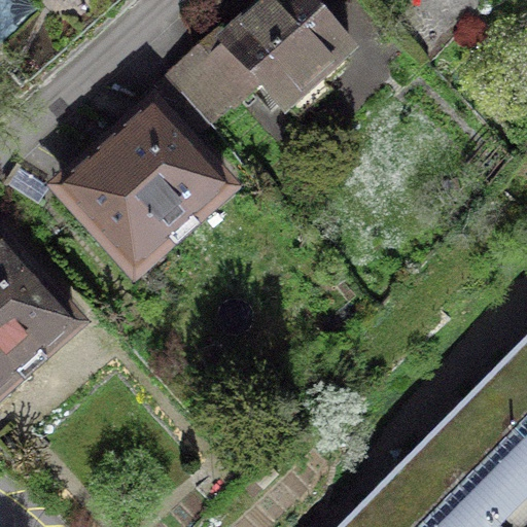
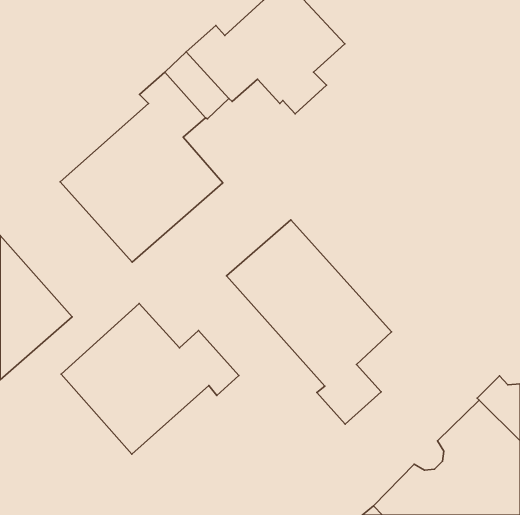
building: none -> [226,220,392,424]
building: none -> [61,304,239,454]

